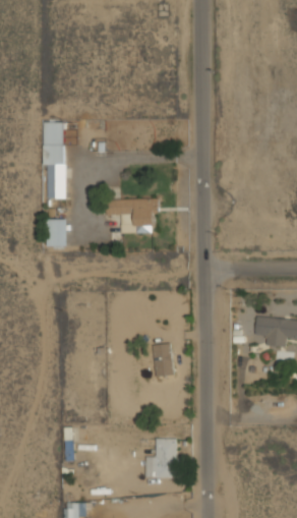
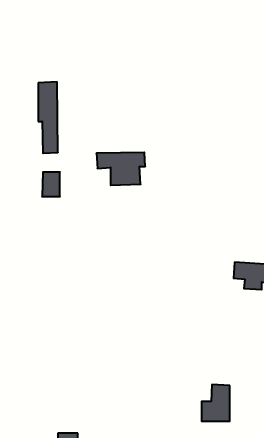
building: [152,343,173,377] -> none
building: [144,439,175,478] -> [202,385,230,421]

